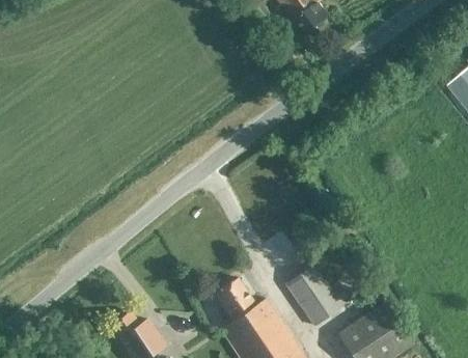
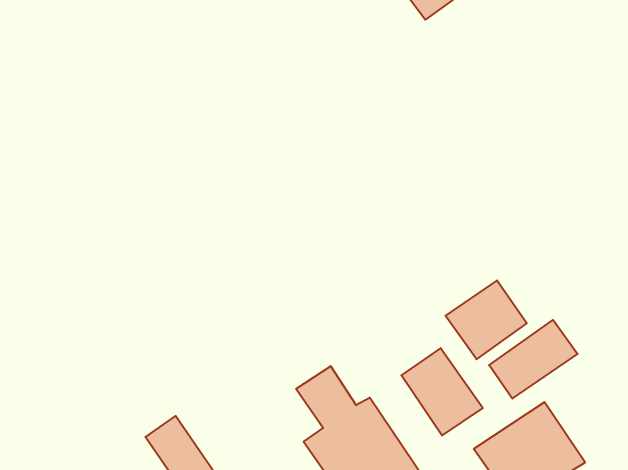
building: none -> [445,280,527,359]
building: none -> [489,320,578,399]

